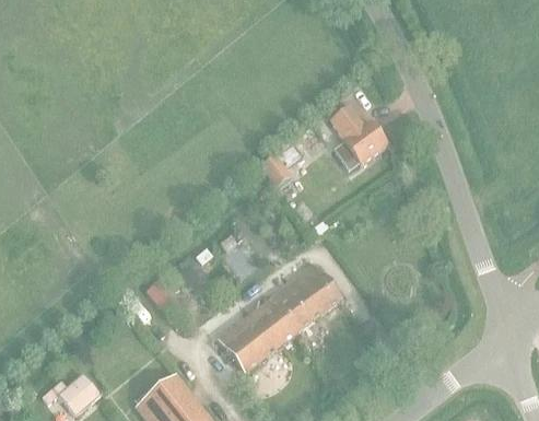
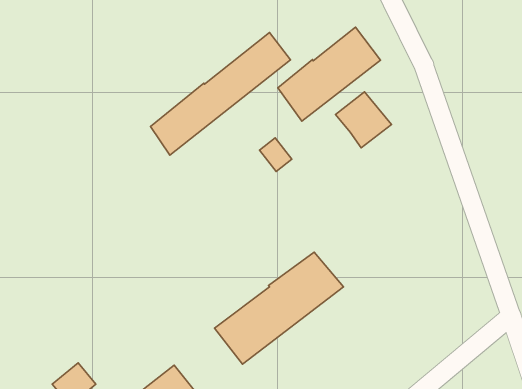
building: none -> [278,27,381,121]
building: none -> [150,32,291,155]

